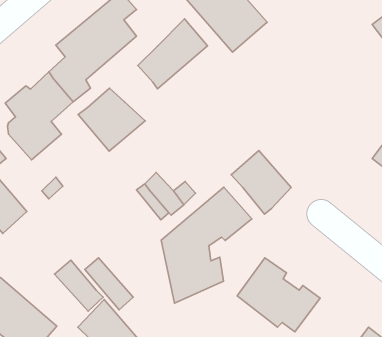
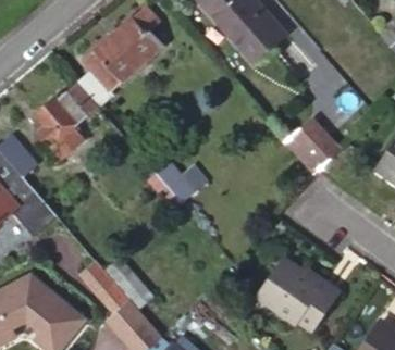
building: [138,19,207,89] -> none
building: [78,88,145,151] -> none
building: [231,151,291,214] -> [284,118,341,178]
building: [161,187,252,303] -> none

